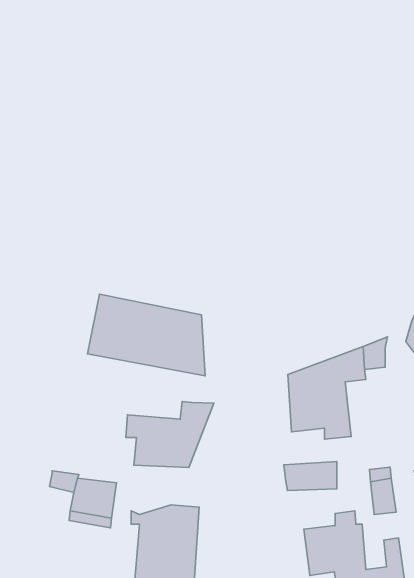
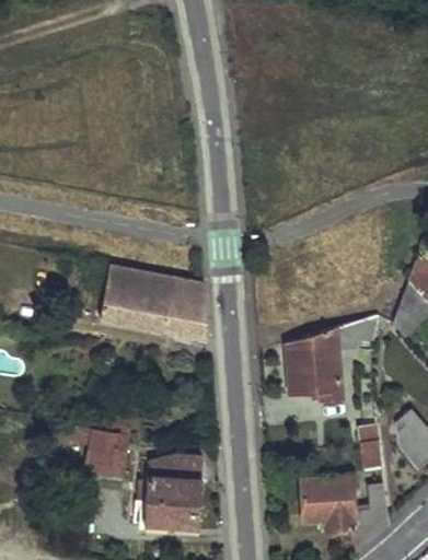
building: [126,402,214,468] -> none
building: [284,462,337,490] -> none

